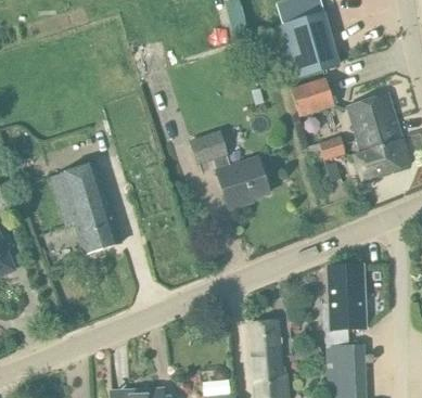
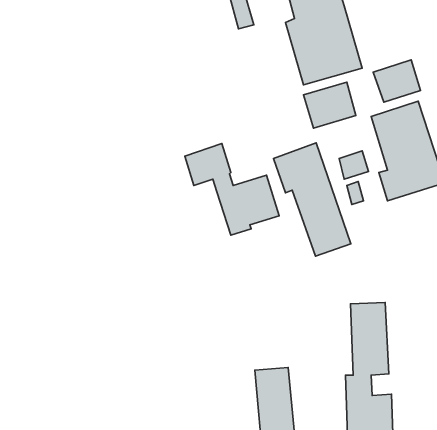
building: none -> [373,60,421,102]
building: none -> [273,143,351,256]
building: [51,162,122,254] -> none

